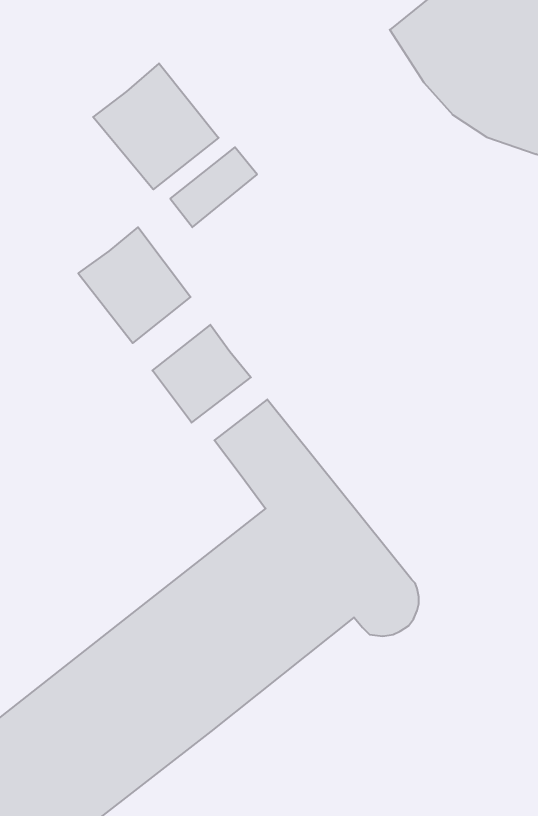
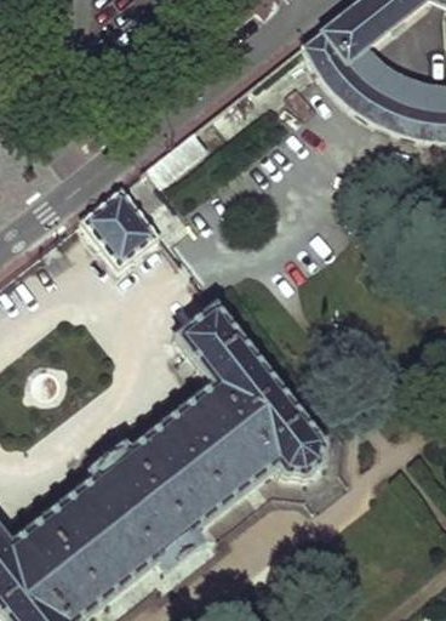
building: [93,63,219,189] -> none
building: [152,325,251,423] -> none

